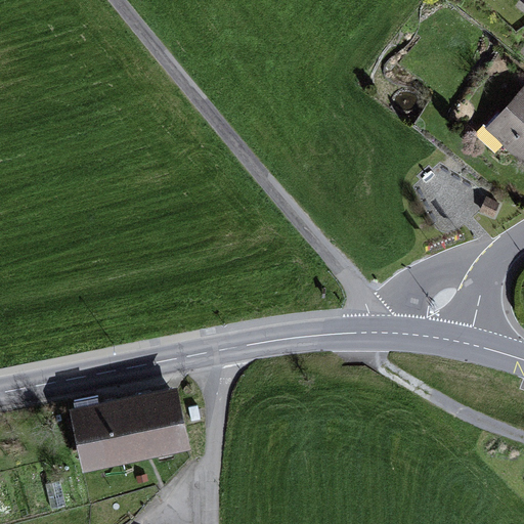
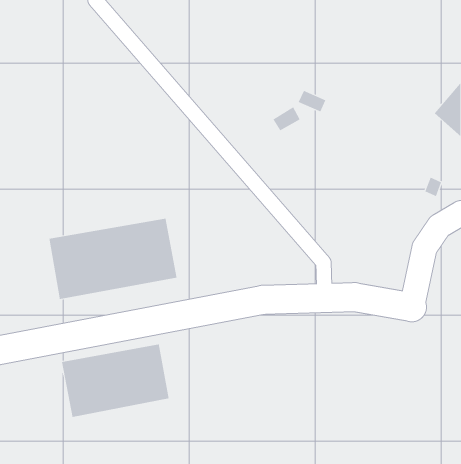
building: none -> [49,218,177,300]

